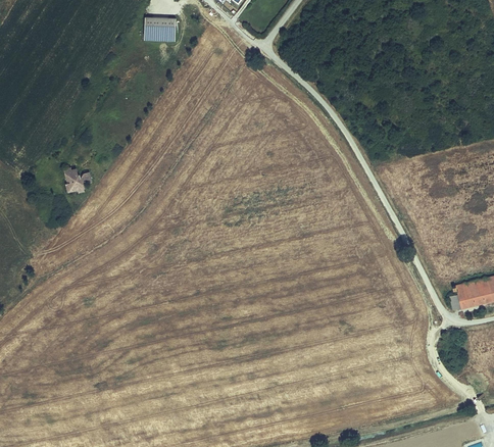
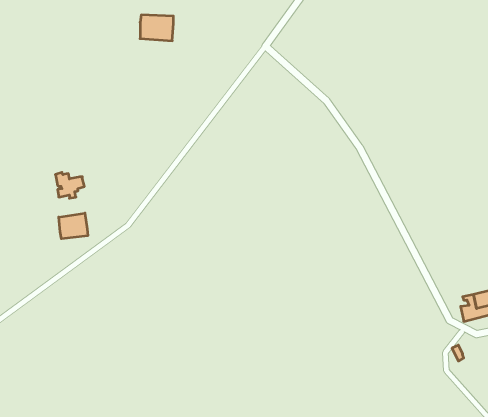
building: none -> [59,213,88,239]

